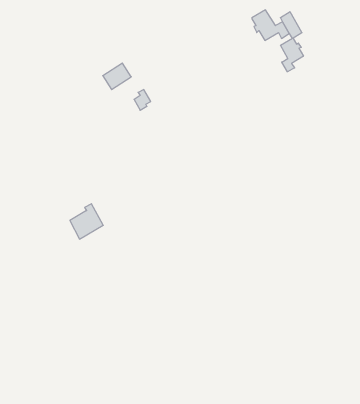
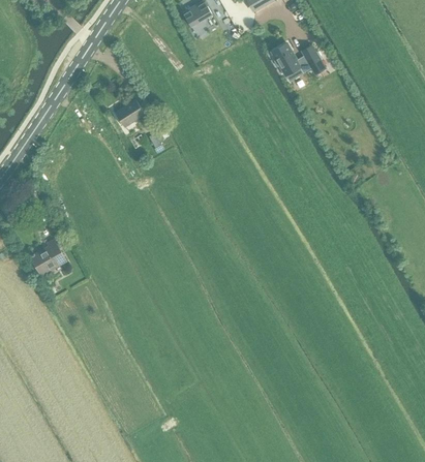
building: [281,38,303,72] -> none
building: [70,204,103,239] -> [31,238,66,275]

